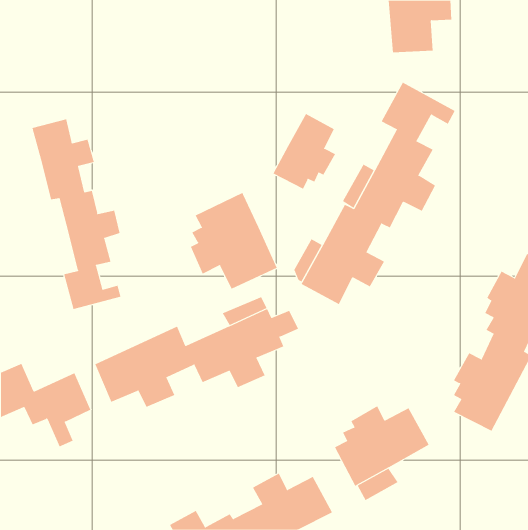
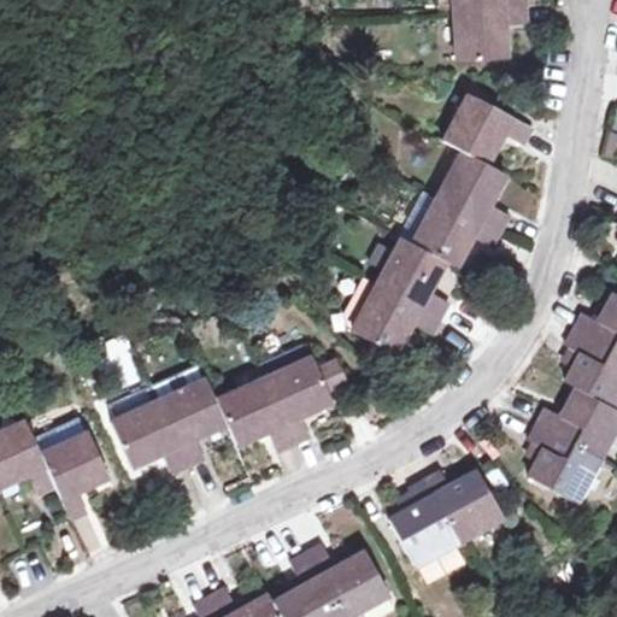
building: [273,113,336,189] -> none
building: [32,118,121,310] -> none
building: [190,192,278,289] -> none

